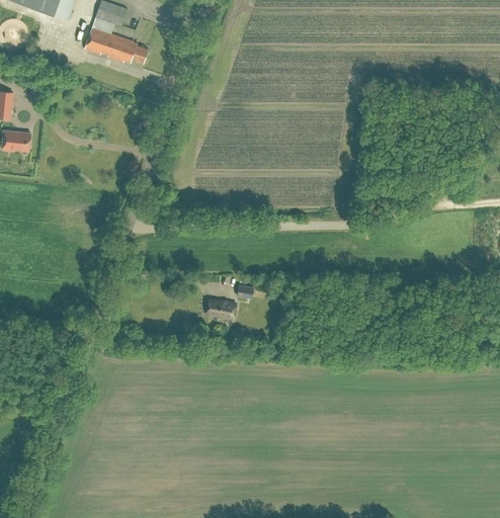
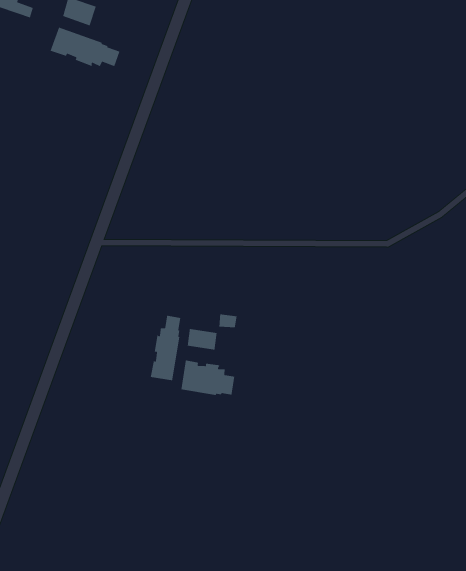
building: none -> [150,315,181,381]
building: none -> [180,359,235,396]

